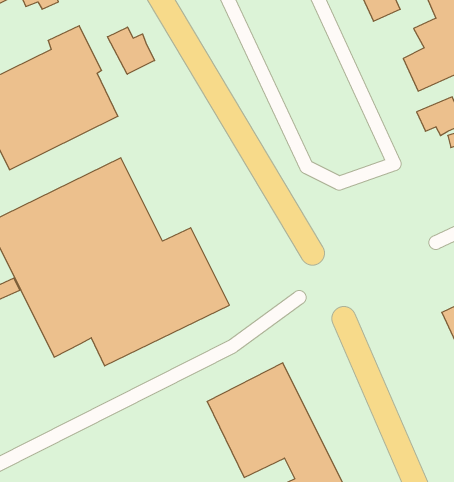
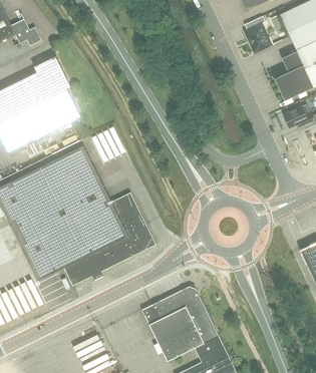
building: [107,27,155,74] -> none

